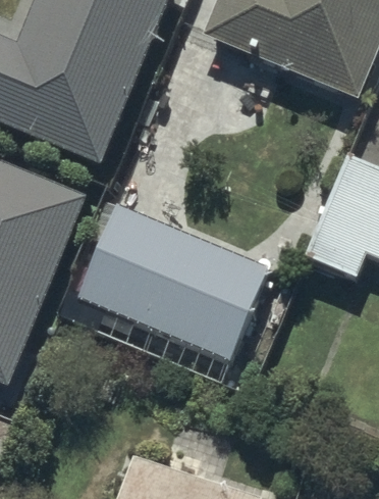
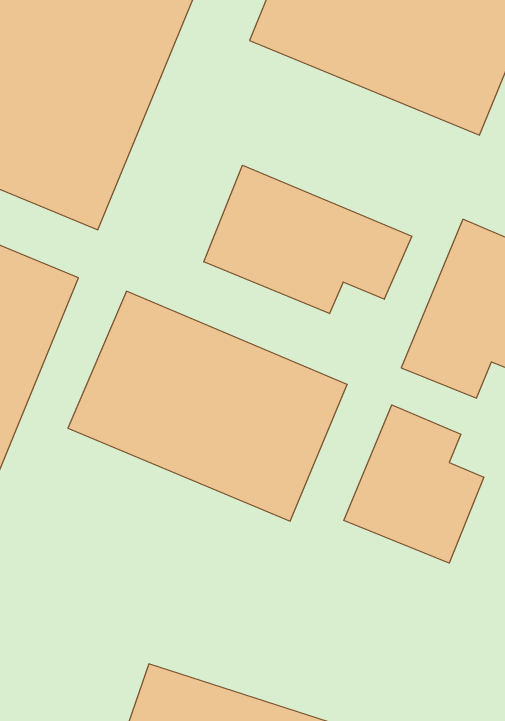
building: none -> [204,165,412,314]
building: none -> [344,405,484,563]

